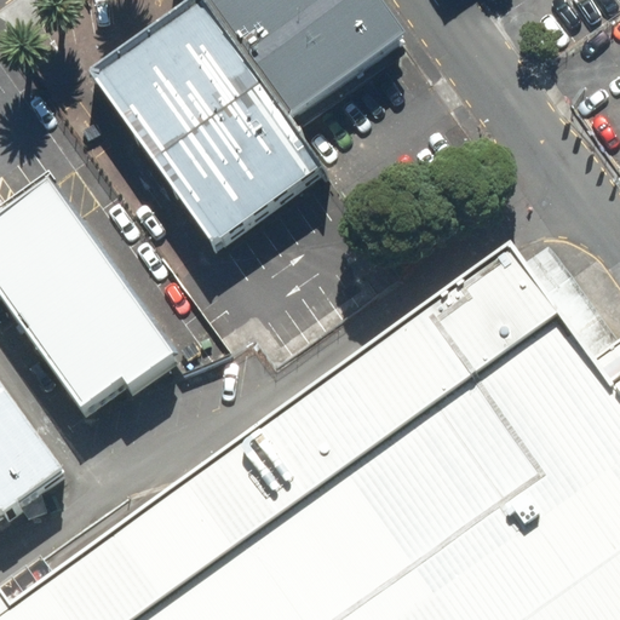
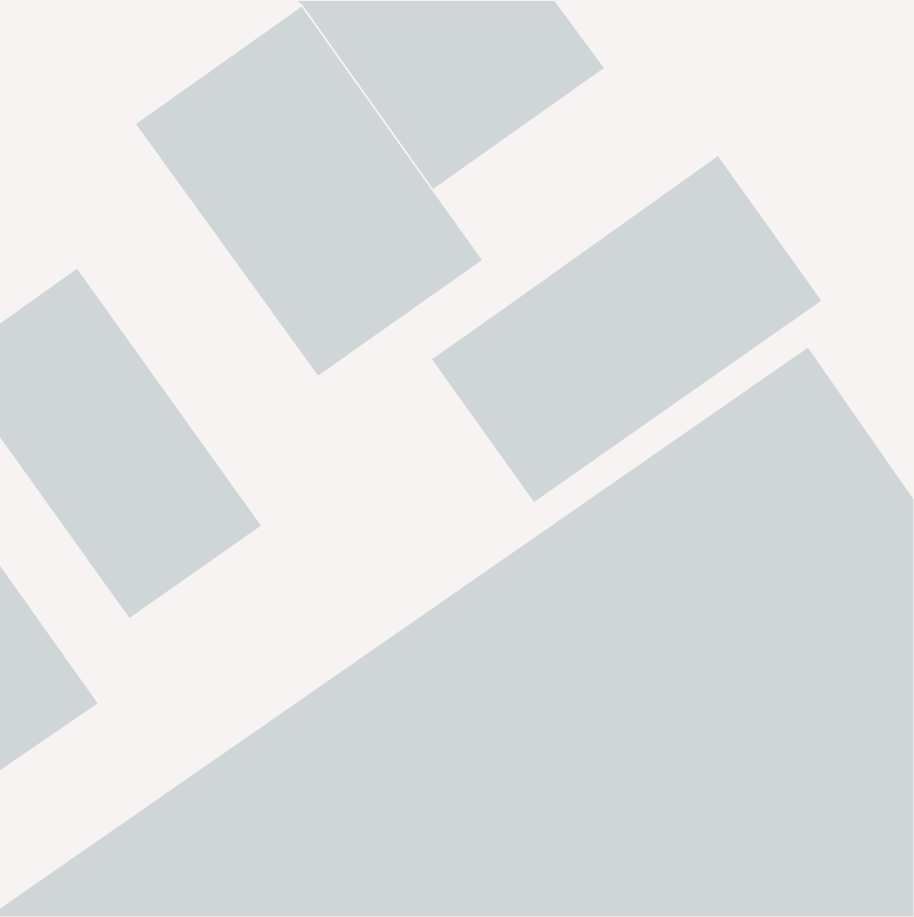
building: none -> [431,155,822,503]

